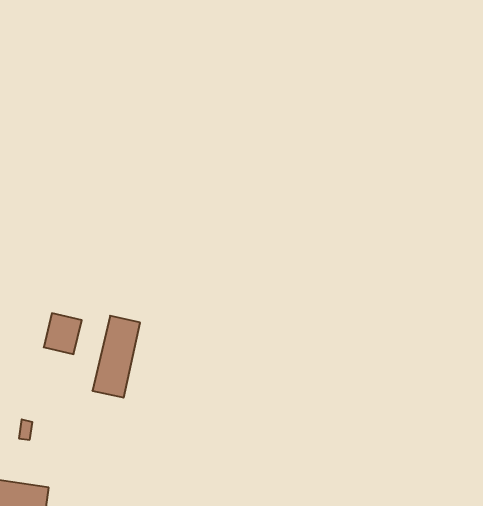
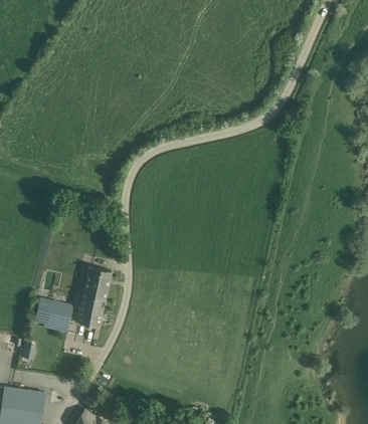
building: [44,313,82,354] -> [43,300,71,331]

